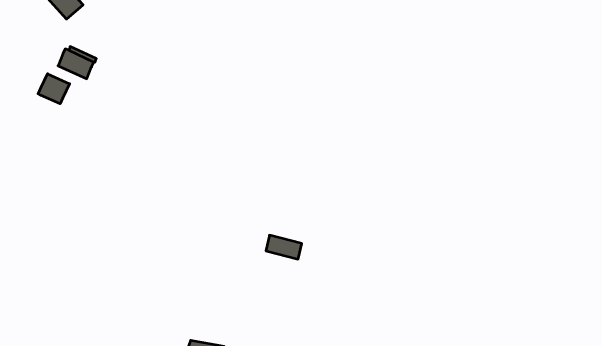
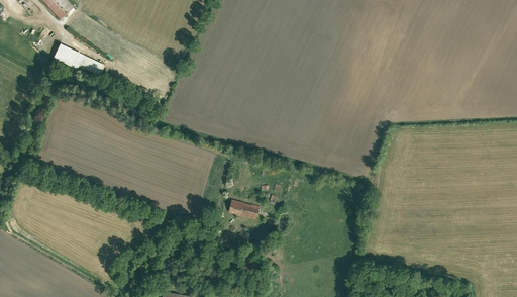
building: [38,74,70,104] -> none

